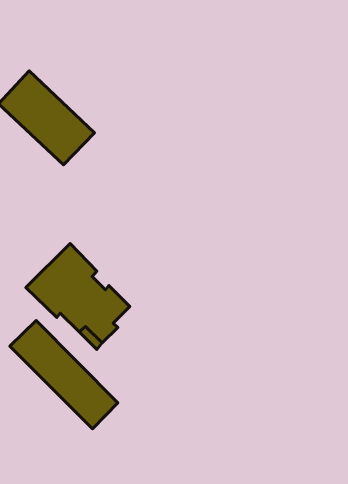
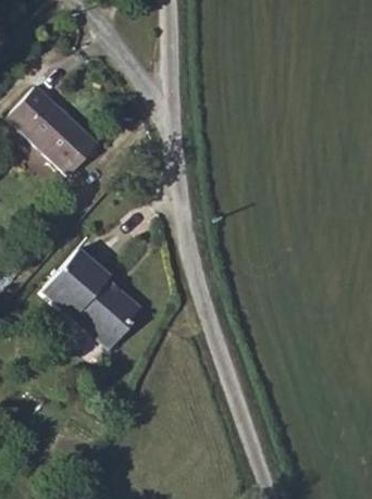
building: [10,321,118,429] -> none

